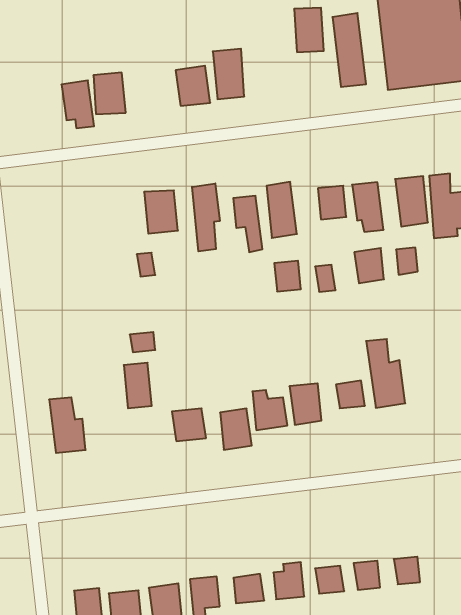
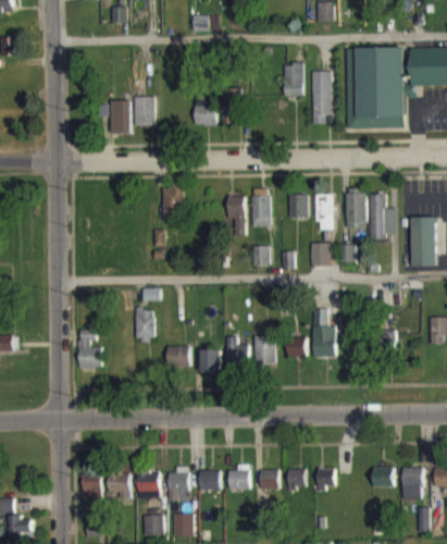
building: [192,183,220,251] -> none

